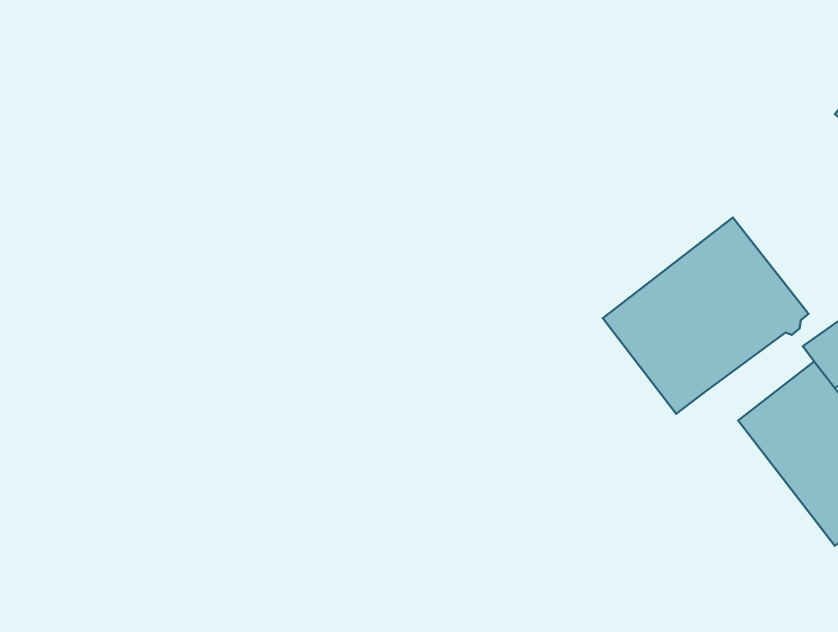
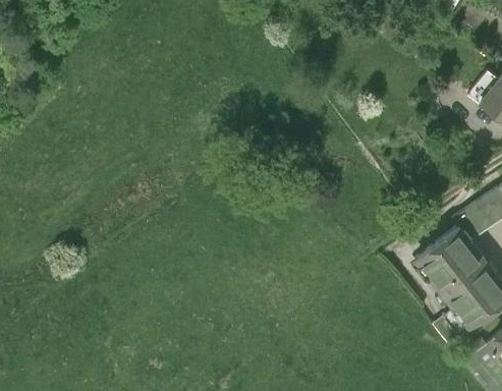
building: [603,218,809,414] -> none

